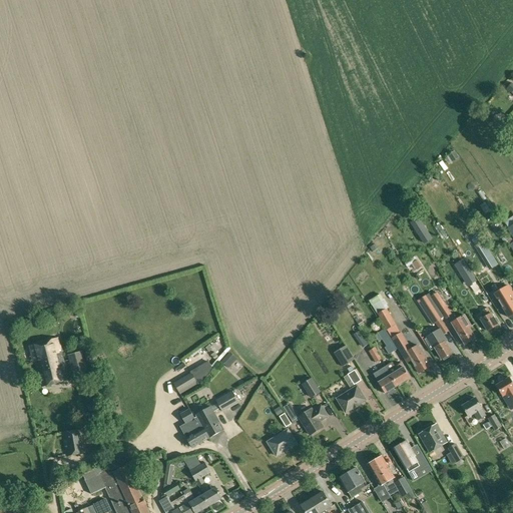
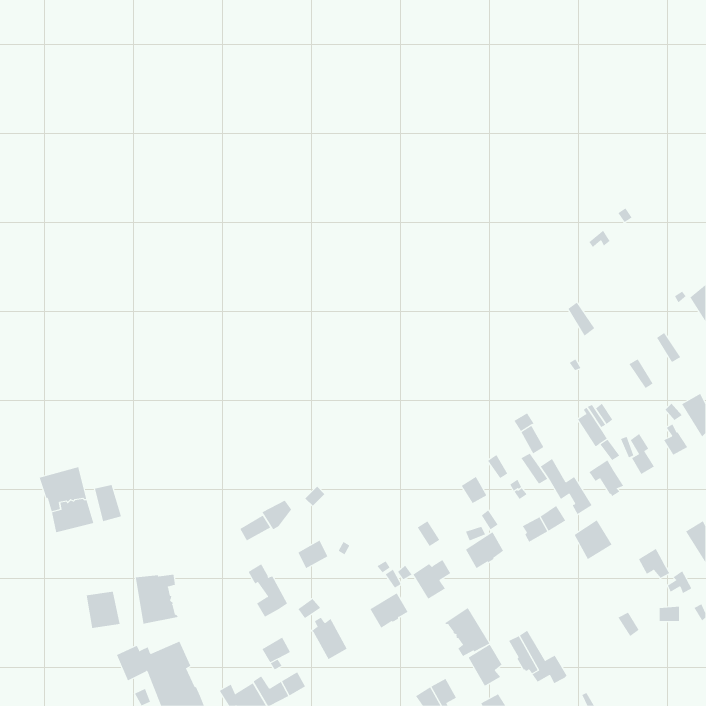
building: [196,406,222,437] -> [311,617,347,660]
building: none -> [135,574,178,624]
building: [419,423,447,452] -> [574,520,613,560]
building: none -> [444,607,490,657]
building: [394,441,428,472] -> none

